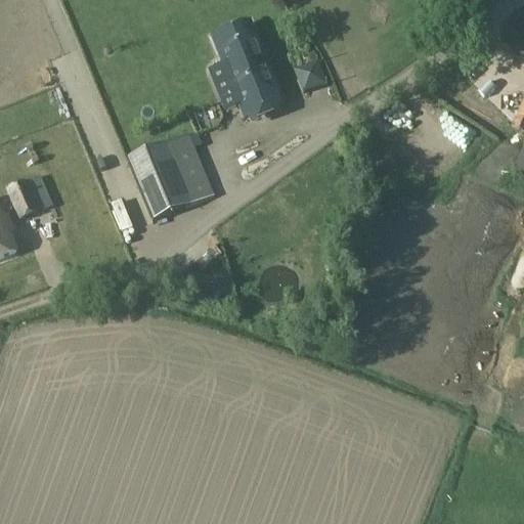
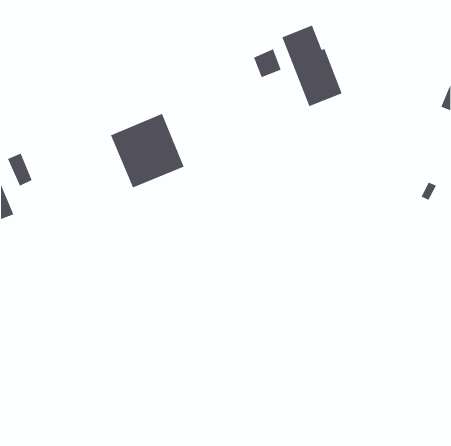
building: [211,19,281,115] -> [282,25,343,107]

